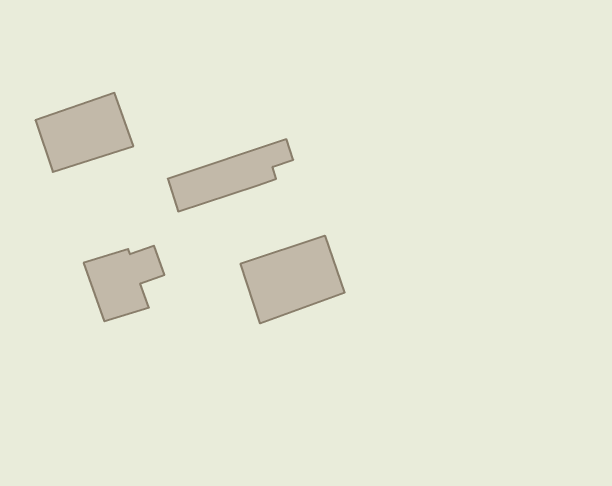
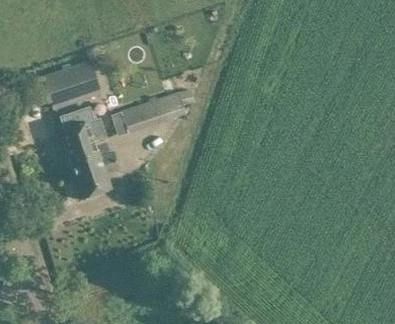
building: none -> [61,107,105,162]
building: [241,236,345,323] -> none

